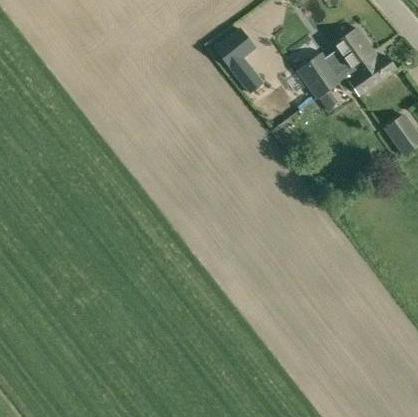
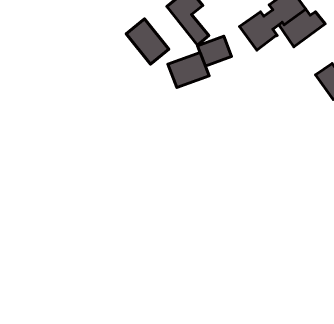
building: none -> [126,19,169,64]
building: none -> [168,52,209,87]

